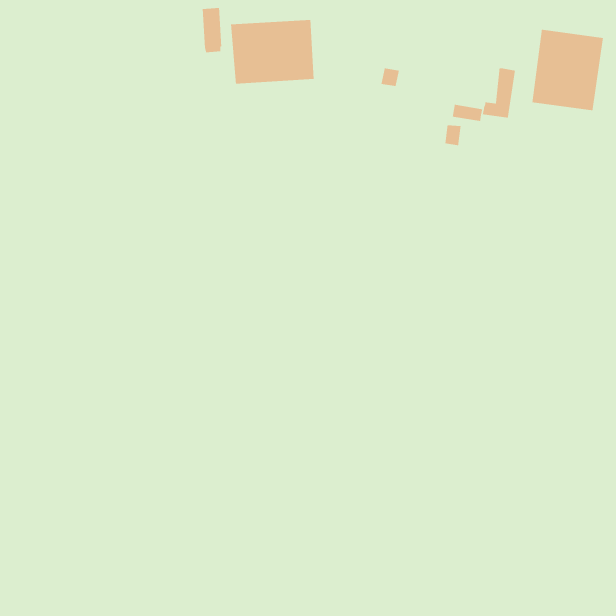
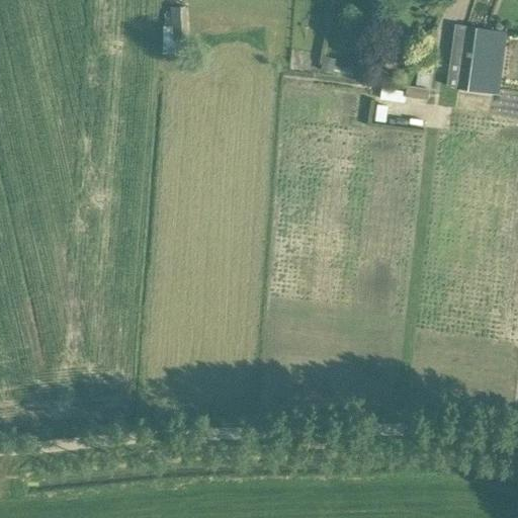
building: [230,19,314,84] -> none

